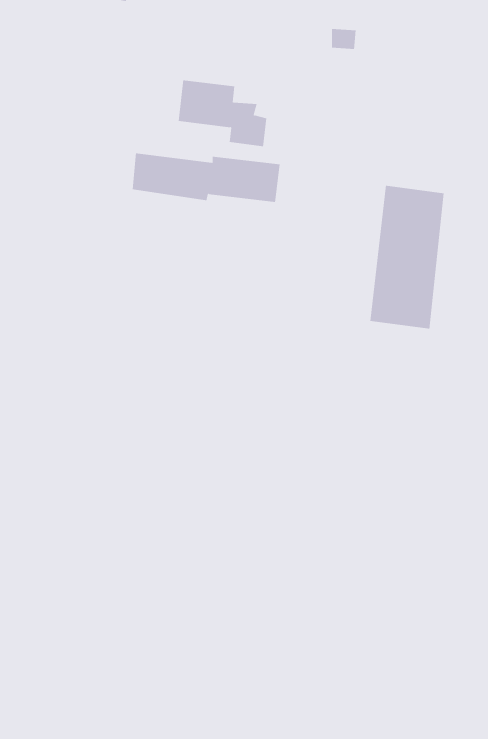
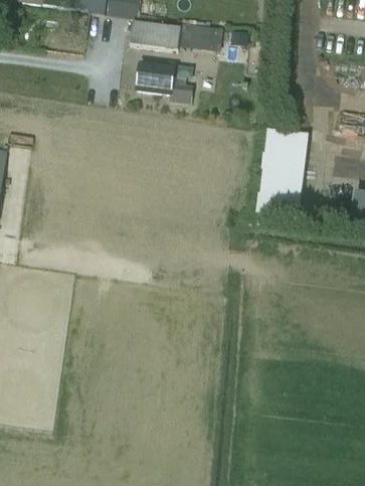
building: [132,153,281,202] -> [129,20,222,51]

